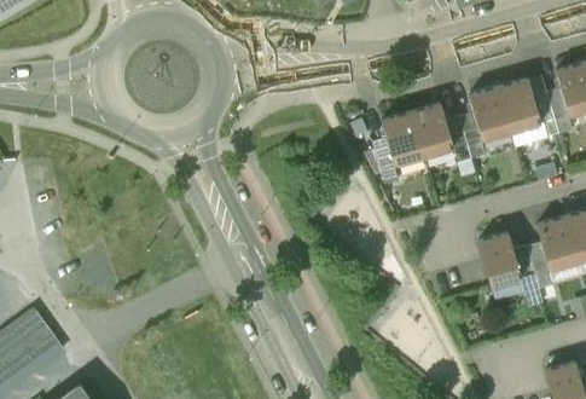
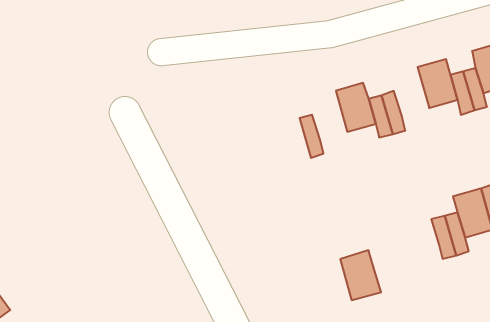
building: [469,87,511,139] -> none
building: [382,112,424,164] -> none
building: [478,232,522,285] -> [340,250,381,300]

